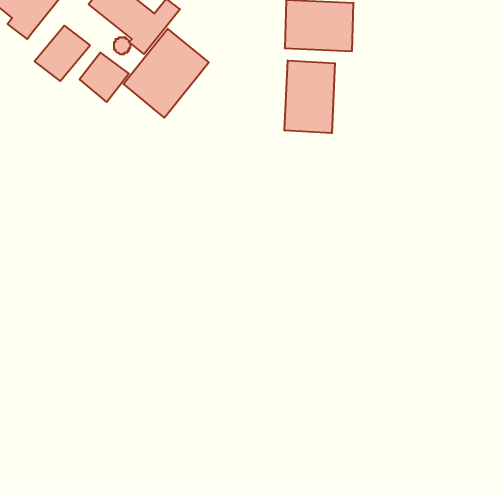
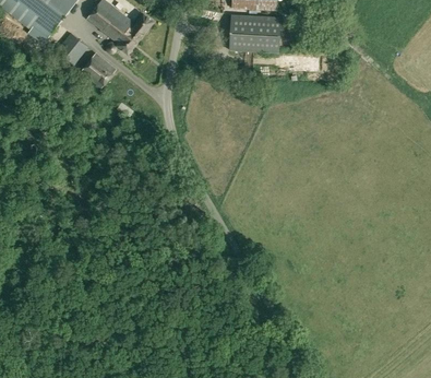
building: [123,29,209,118] -> none
building: [285,60,335,133] -> none

